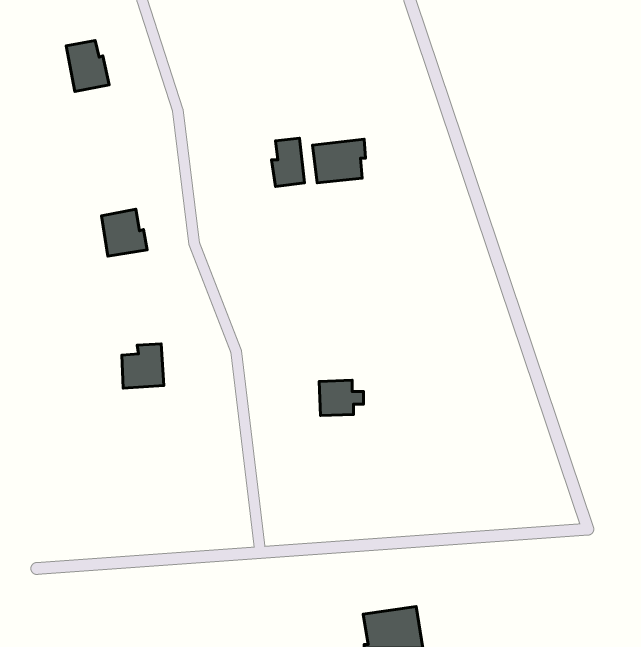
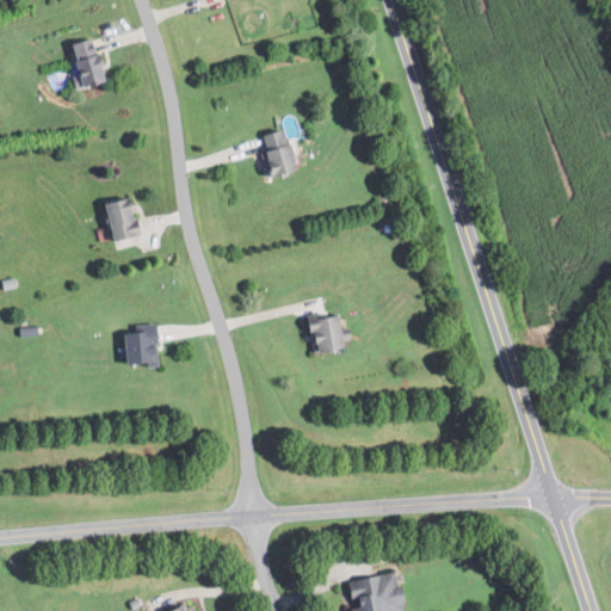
building: [313,139,366,183] -> none
building: [319,380,364,416] -> [309,319,351,352]

